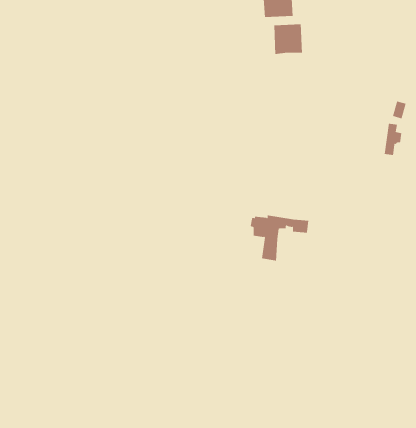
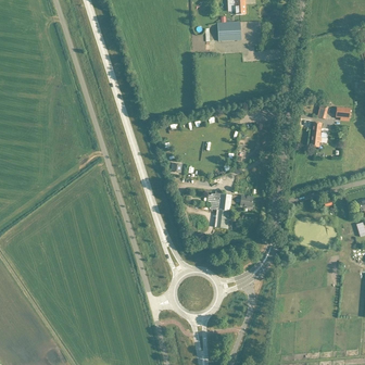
building: [274,23,302,55] -> none

